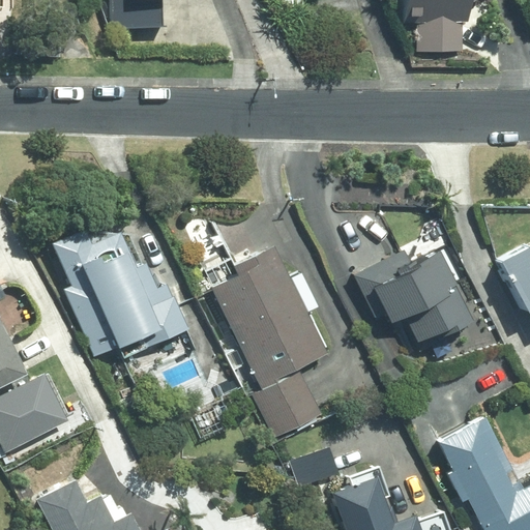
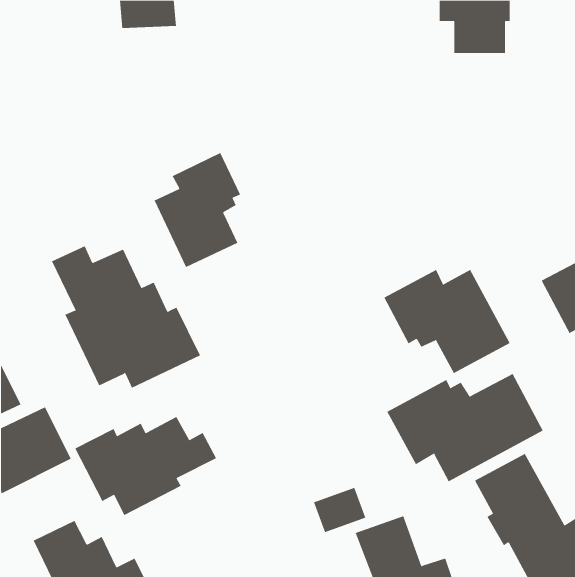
building: none -> [154,152,241,268]
building: [209,240,328,438] -> none
building: none -> [387,373,544,482]
building: none -> [74,416,217,516]

